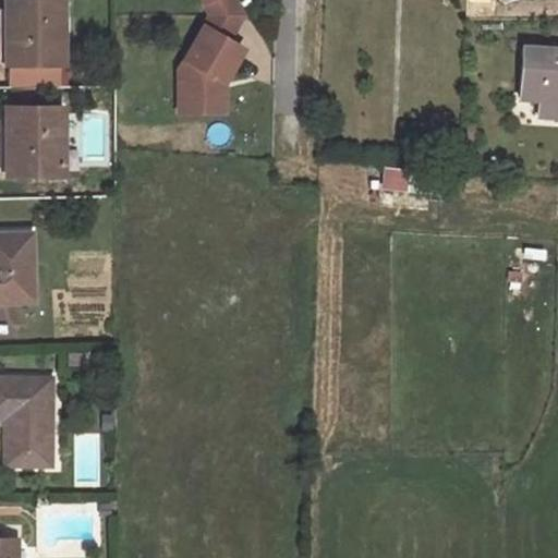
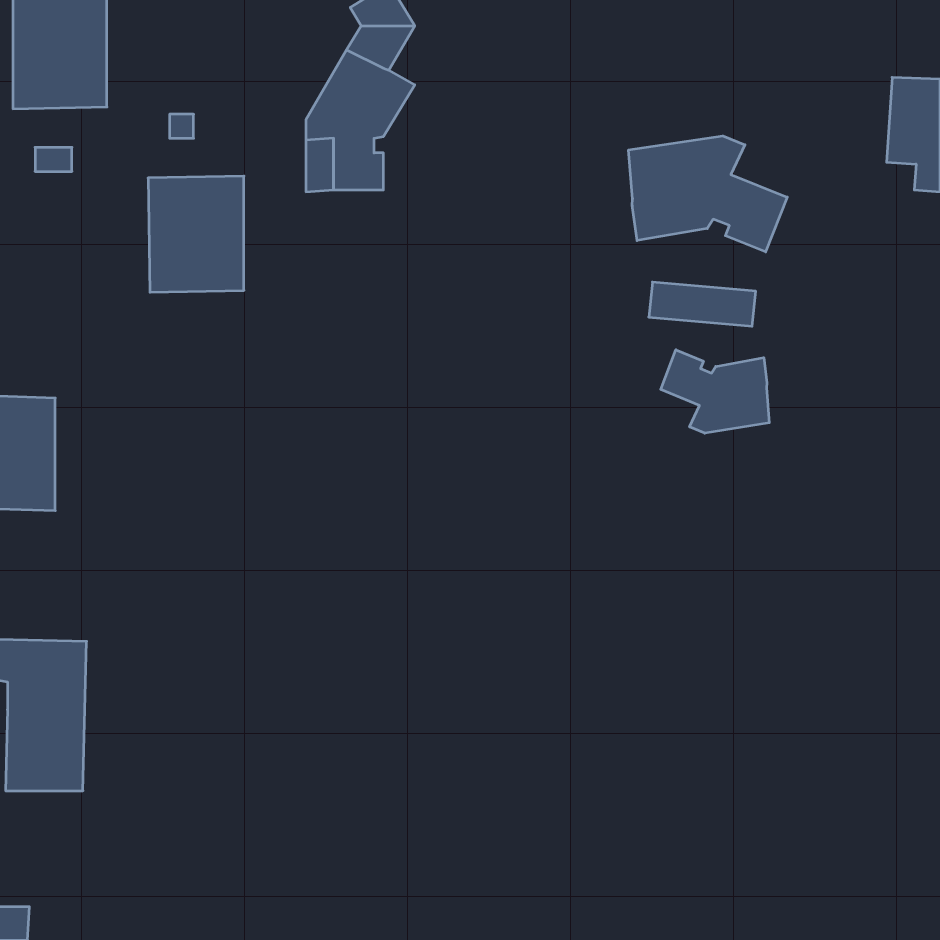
building: none -> [629,136,787,252]
building: [8,108,64,177] -> [148,176,244,292]
building: none -> [661,350,769,433]

